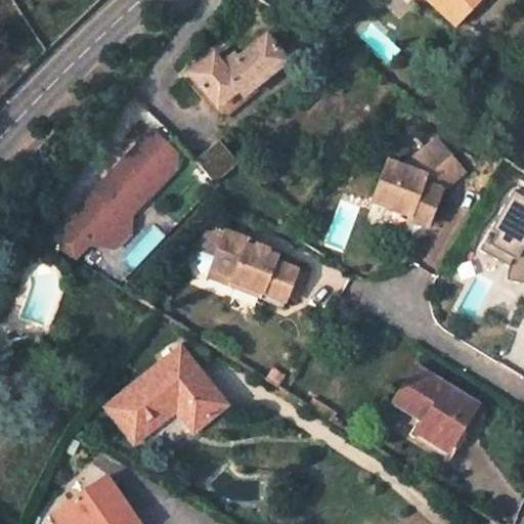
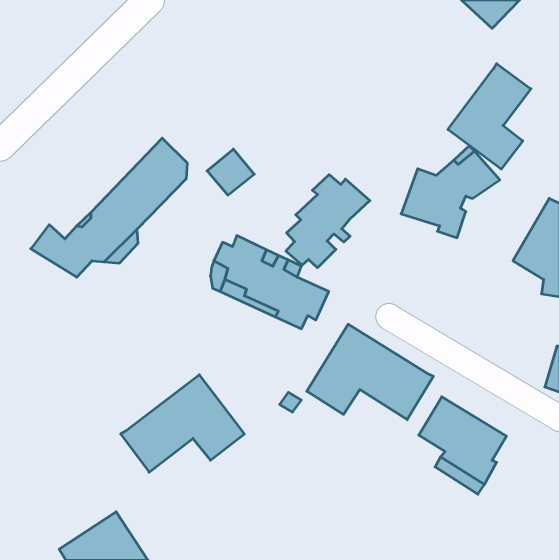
building: [189,36,285,105] -> none
building: none -> [448,64,531,169]
building: none -> [286,175,370,268]
building: none -> [307,324,433,420]

